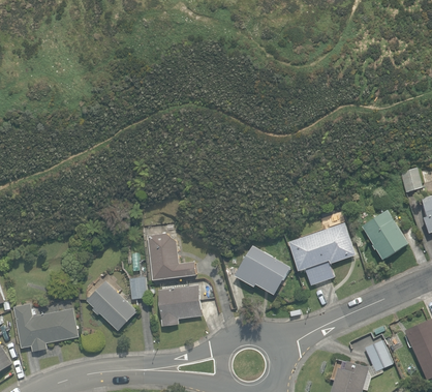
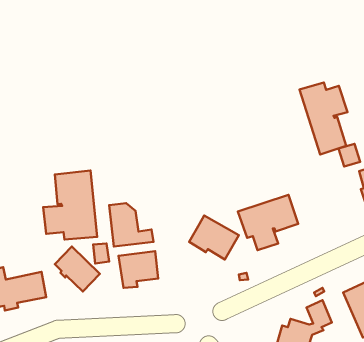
building: none -> [300,83,347,154]
building: none -> [43,171,97,239]
building: [361,210,408,260] -> none

